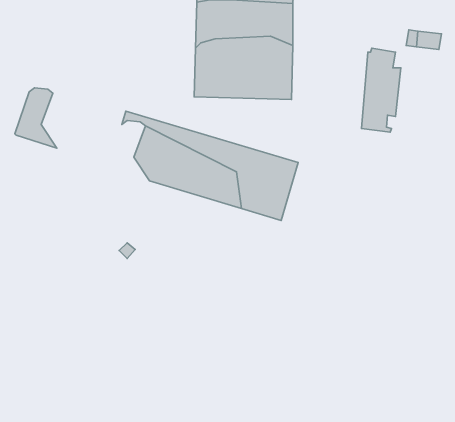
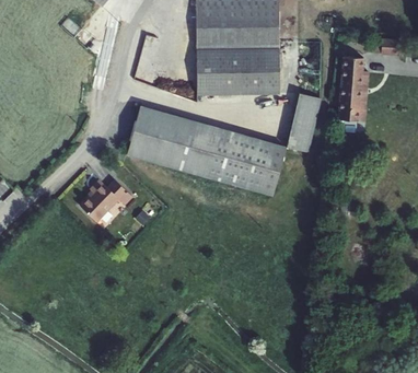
building: [15,88,57,148] -> [125,113,160,163]
building: none -> [290,96,316,151]
building: none -> [77,178,128,221]

